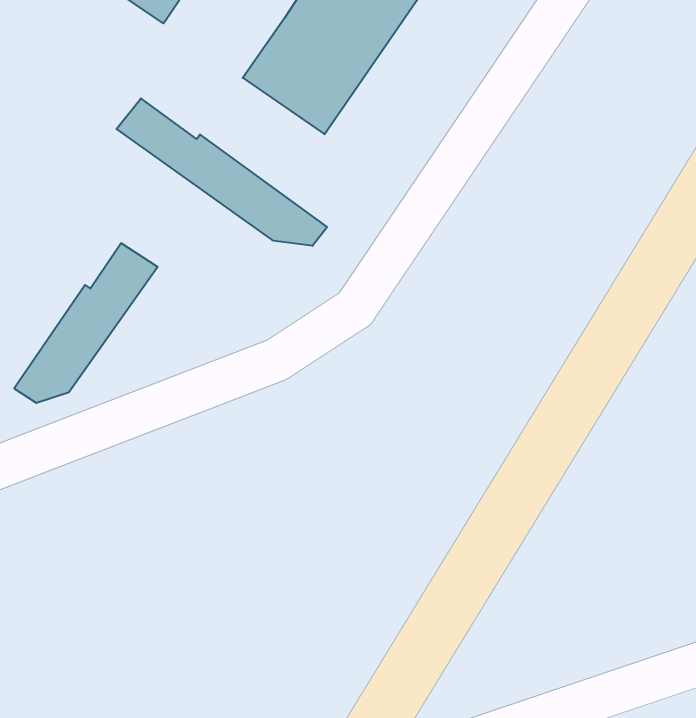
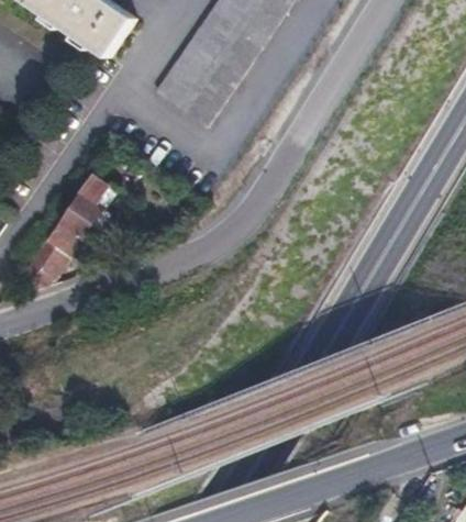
building: [116,98,327,246] -> none

